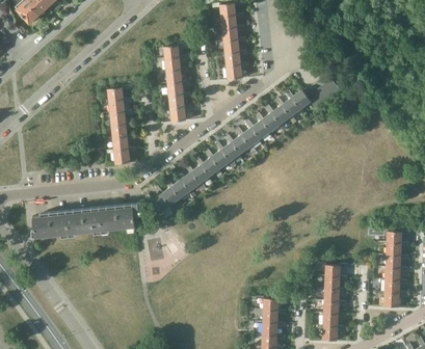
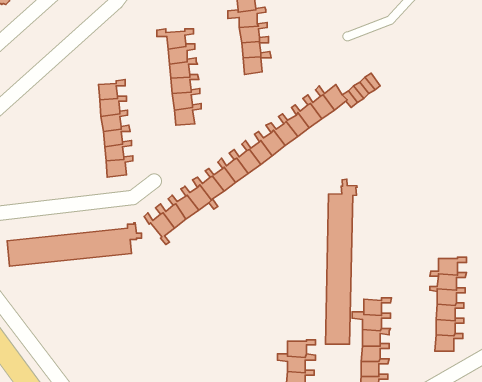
building: none -> [325,179,357,344]

